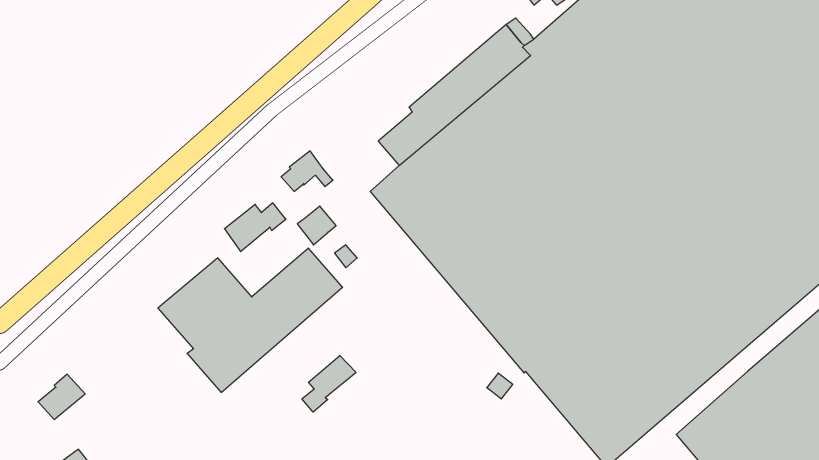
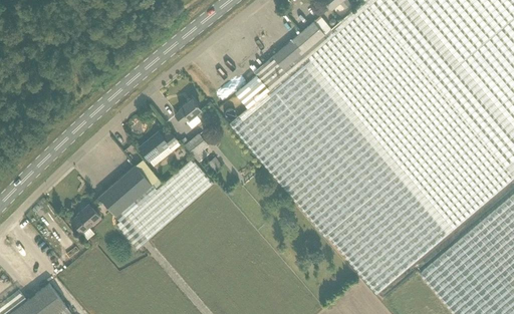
building: [302,355,356,412] -> none
building: [38,374,85,420] -> [71,204,100,232]

